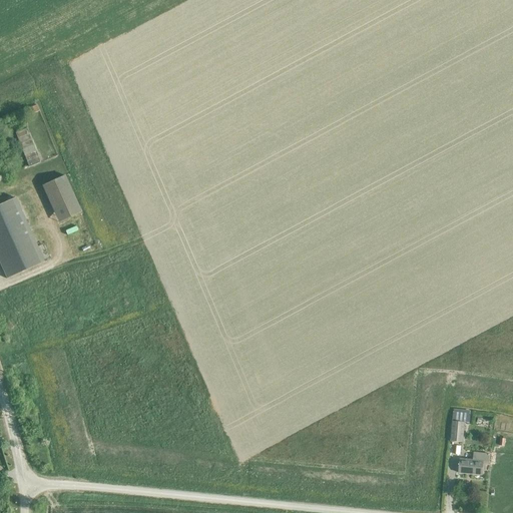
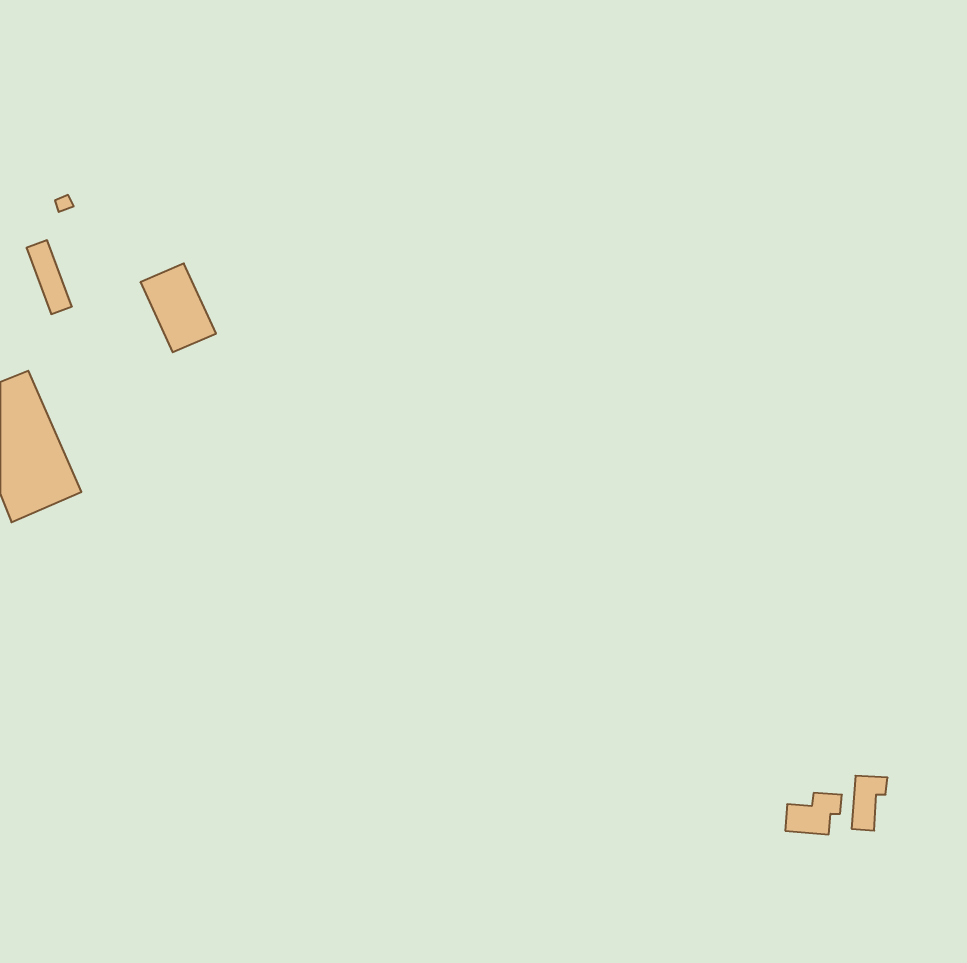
building: [40,174,80,221] -> [140,263,216,352]
building: [459,451,489,473] -> [785,793,842,834]

